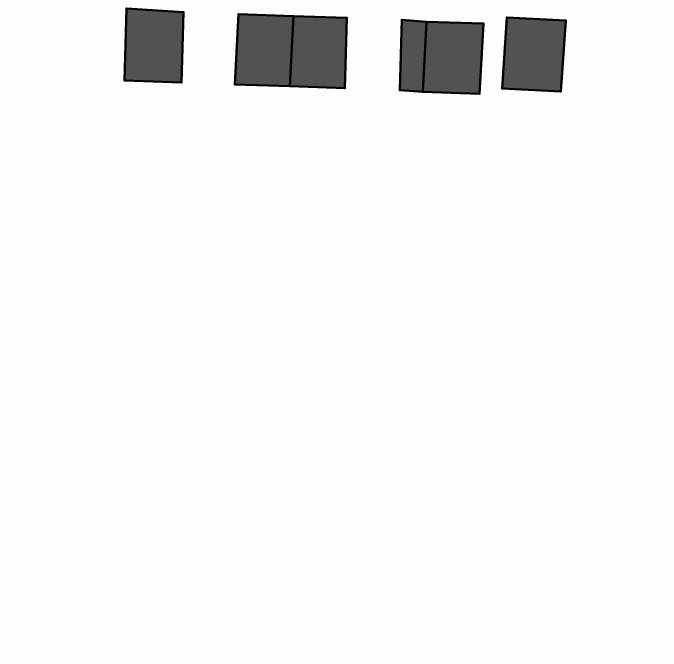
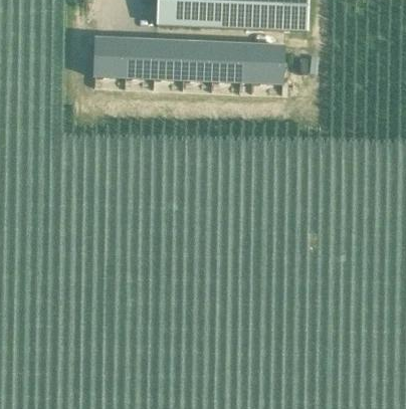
building: none -> [124,38,154,76]
building: [502,17,566,92] -> none
building: none -> [210,41,240,79]

